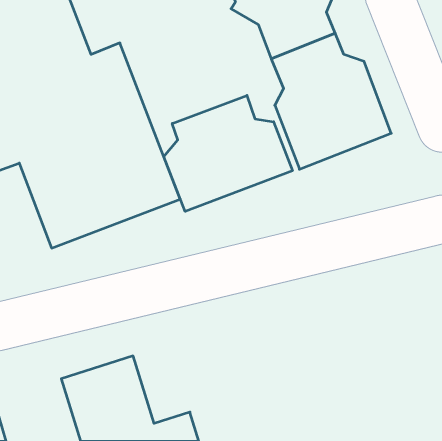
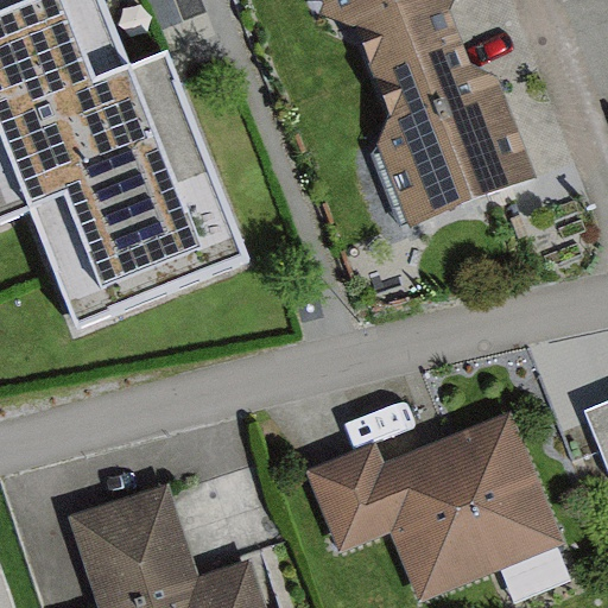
building: [164,95,292,211] -> none
building: none -> [323,404,581,590]

